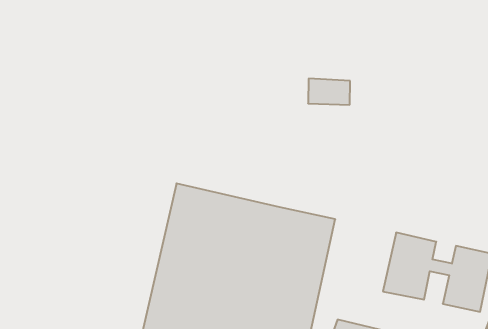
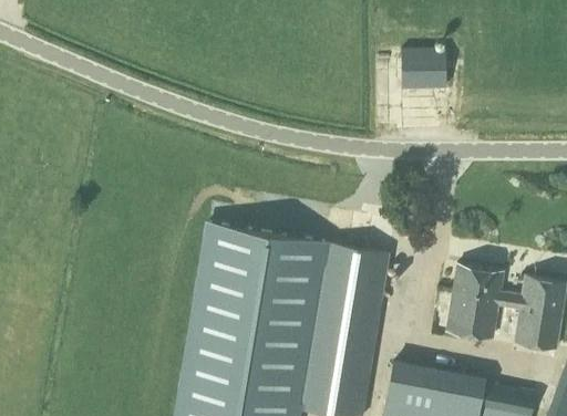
building: [308,79,350,105] -> [400,61,447,89]

